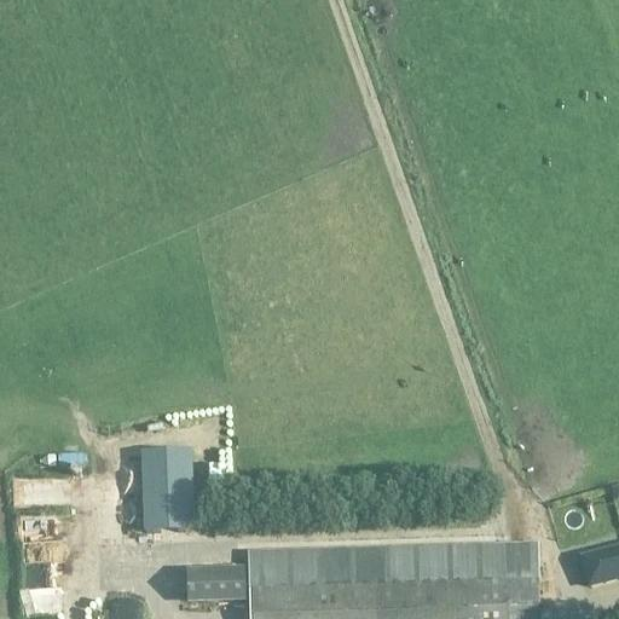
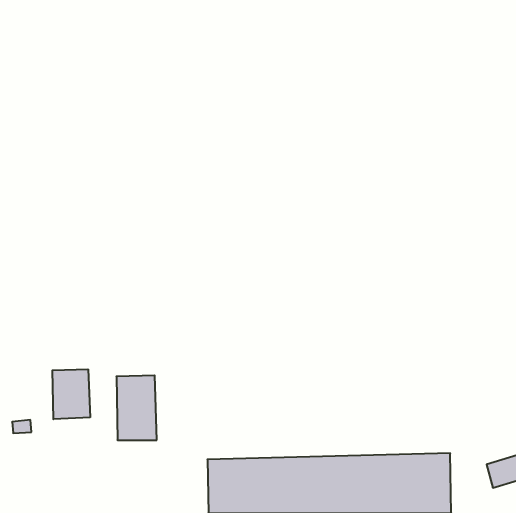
building: none -> [52,369,90,419]
building: [187,567,245,603] -> none

